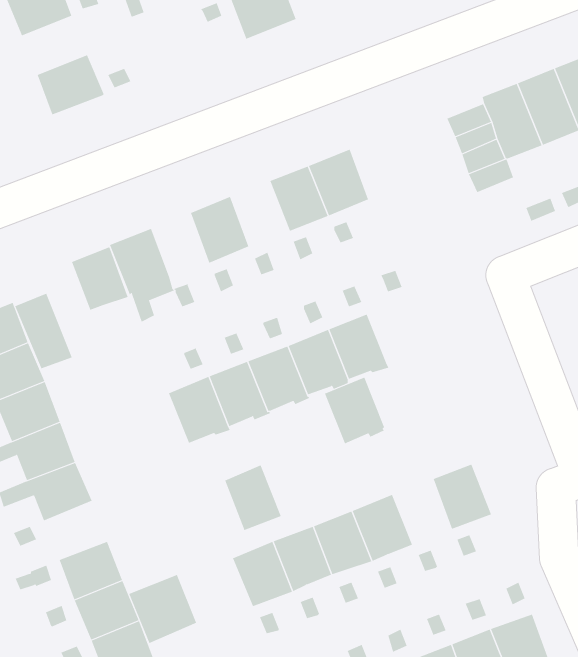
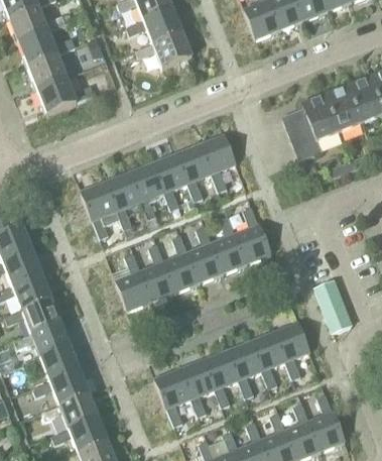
building: none -> [28,53,68,89]
building: none -> [153,152,188,192]
building: [71,247,128,311] -> [106,171,140,210]
building: [14,293,72,369] -> none
building: [324,377,385,444] -> [235,222,271,262]
building: none -> [316,279,353,332]
building: [225,465,282,531] -> none
building: none -> [250,331,285,370]
building: none -> [41,344,80,379]
building: [128,574,197,644] -> none

